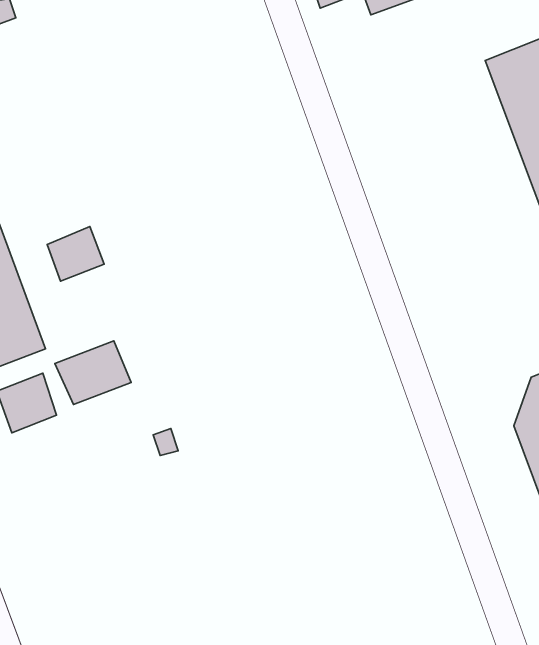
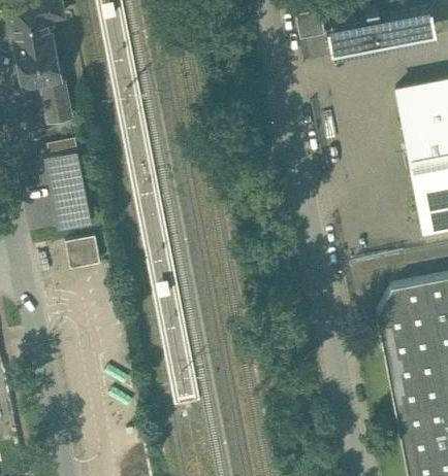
building: [47,227,104,281] -> none
building: [55,341,131,404] -> none

